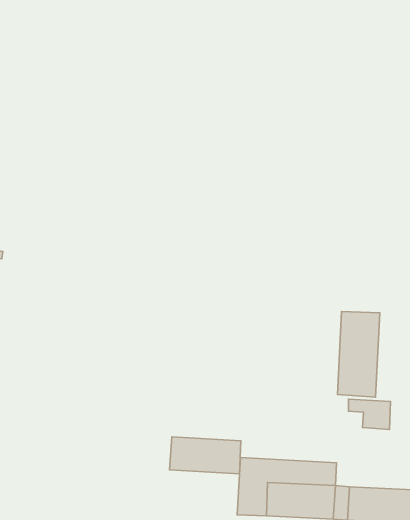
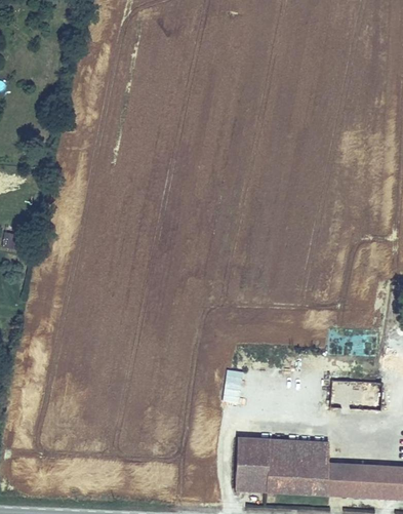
building: [337,312,380,397] -> none
building: [170,437,241,474] -> none

